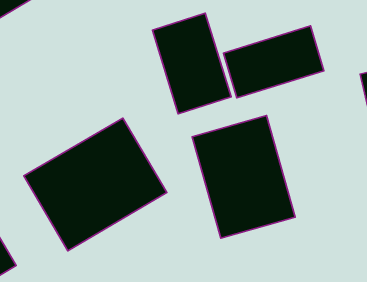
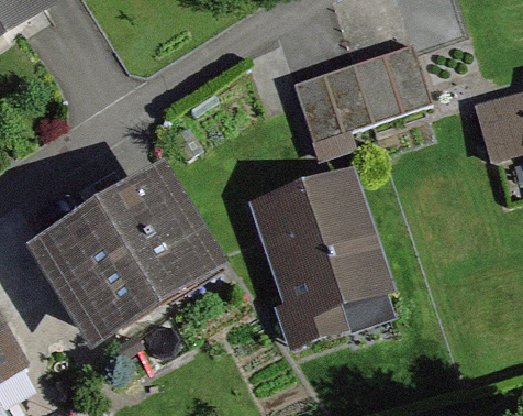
building: [152,13,231,114] -> none

